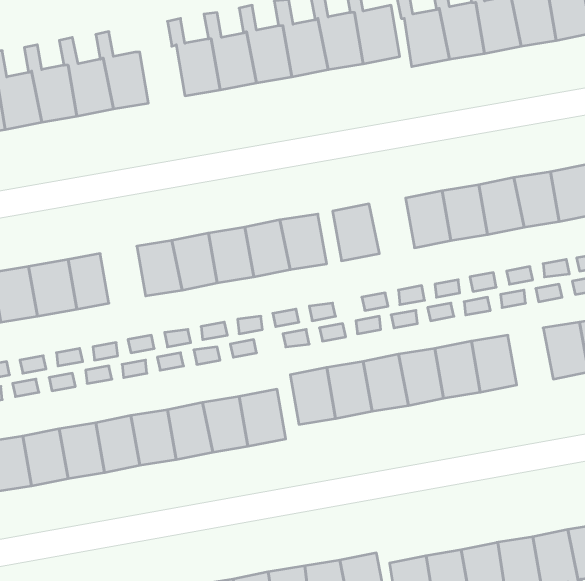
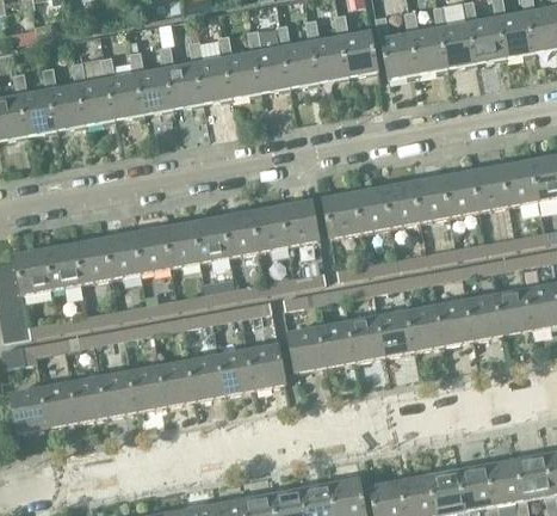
building: none -> [159,44,203,109]
building: none -> [353,186,390,232]
building: none -> [134,226,171,272]
building: none -> [466,293,503,339]

